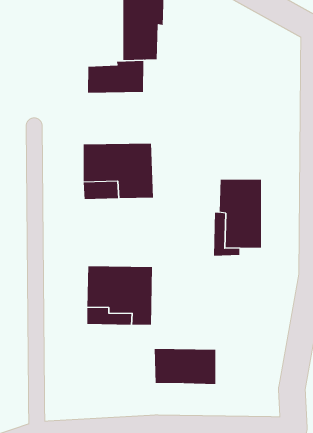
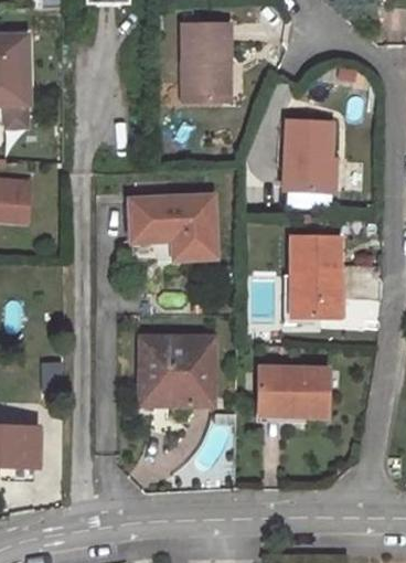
building: [88,60,144,93] -> none
building: none -> [282,121,331,191]
building: [154,348,216,384] -> [258,367,329,407]

